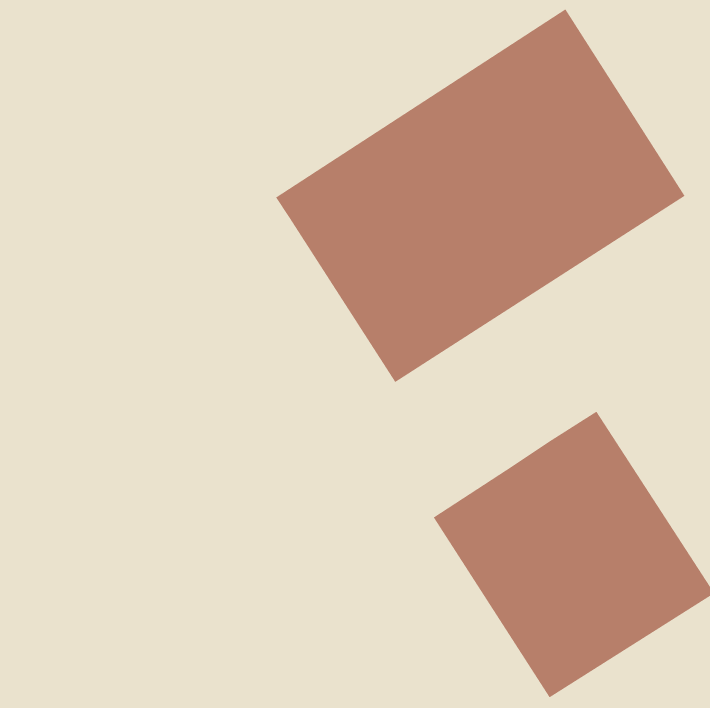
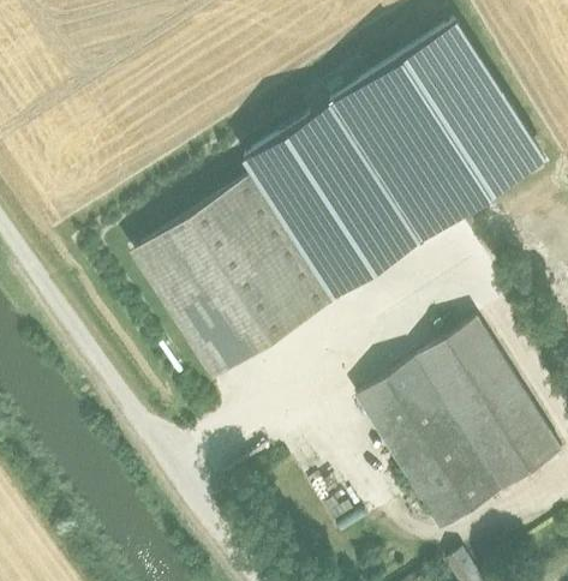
building: none -> [134,178,330,375]

